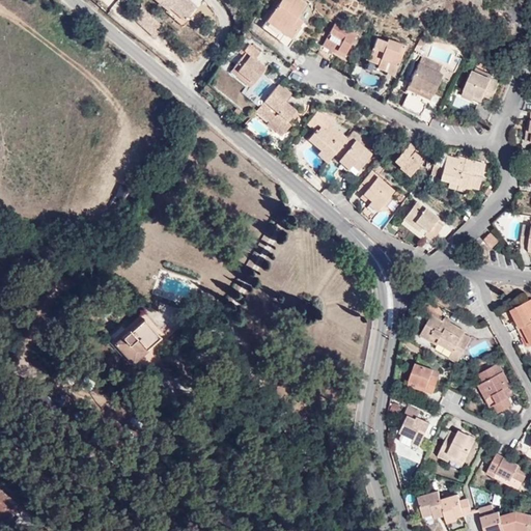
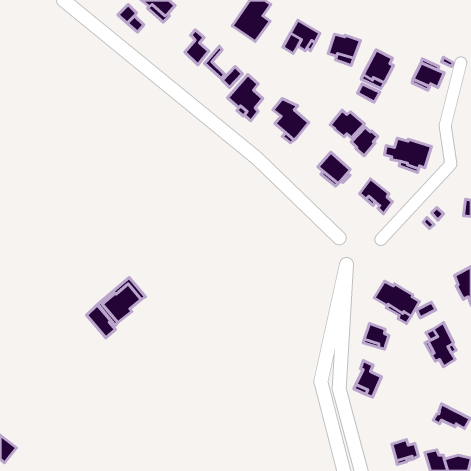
building: [239,45,266,84] -> [185,30,209,65]
building: [334,138,372,169] -> [330,110,364,138]
building: none -> [87,305,116,338]
building: [439,431,476,462] -> none
building: [418,492,445,519] -> none

